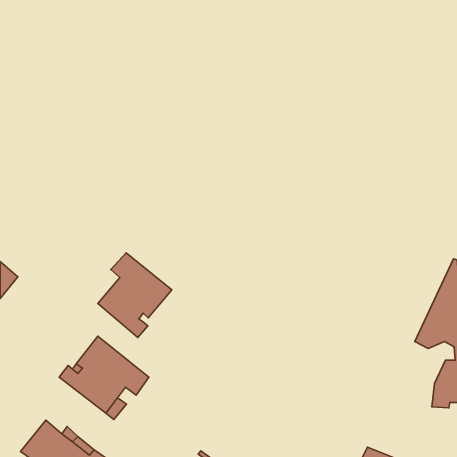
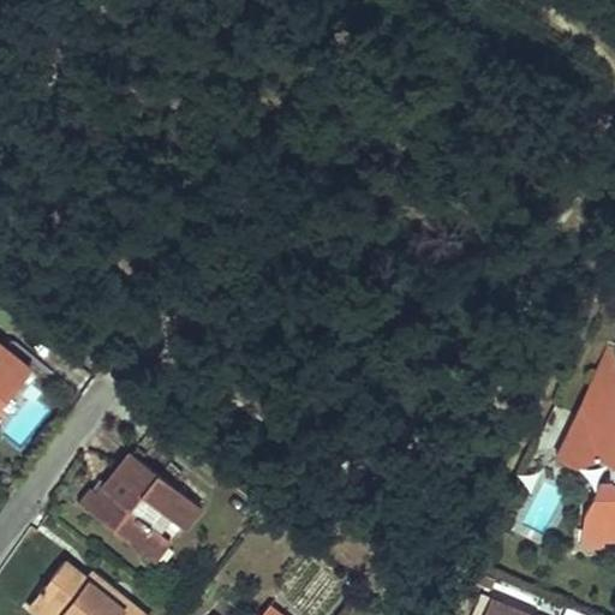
building: [98,253,172,338] -> none

